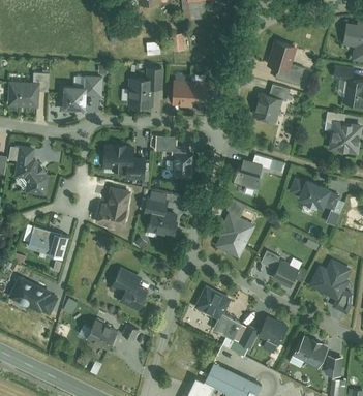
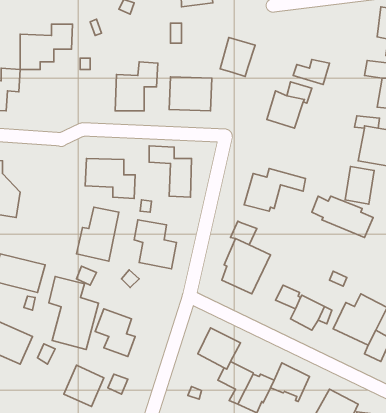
building: [267,40,296,72] -> [220,37,255,76]
building: [59,77,102,114] -> [20,24,73,69]
building: none -> [345,166,374,204]
building: none -> [49,277,99,349]

